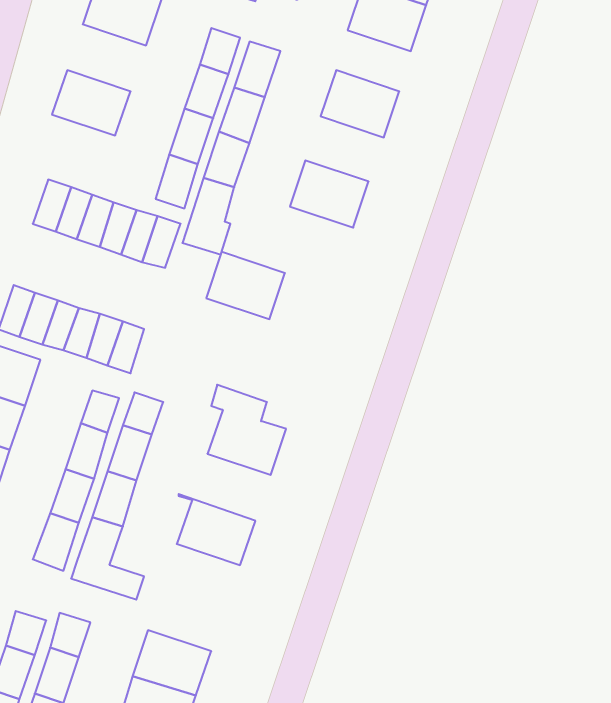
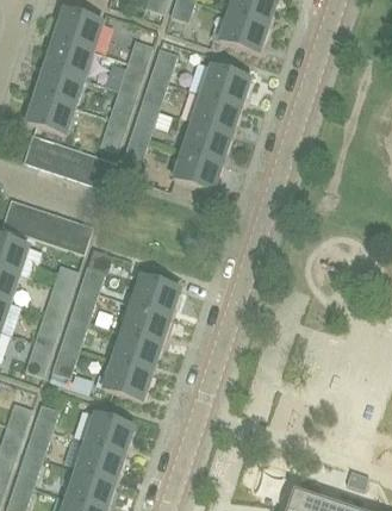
building: none -> [44,37,93,79]
building: none -> [25,93,74,135]
building: none -> [192,94,241,135]
building: [206,252,285,319] -> [173,150,222,192]
building: none -> [113,304,170,345]
building: none -> [94,360,151,401]

